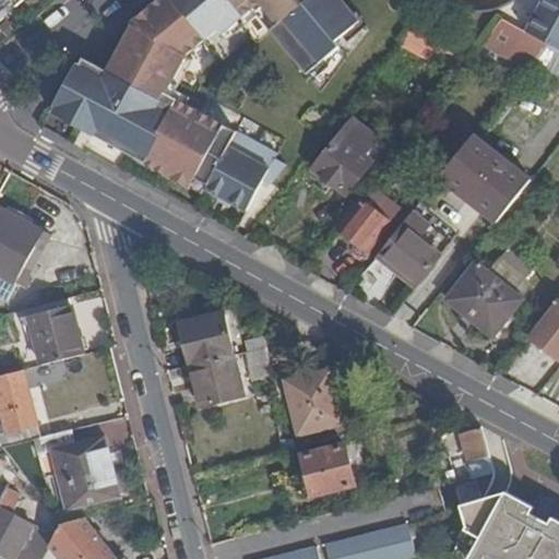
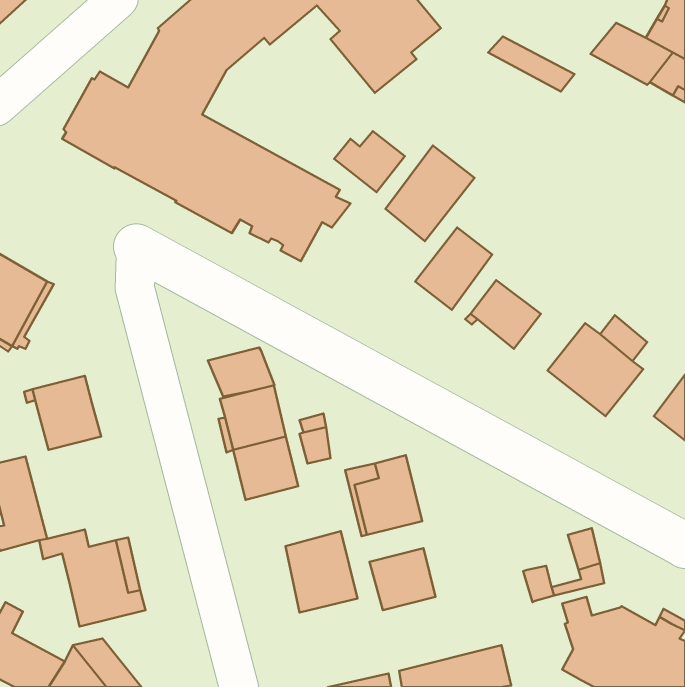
building: none -> [334,131,405,192]
building: [435,132,530,226] -> none
building: none -> [208,348,275,397]
building: none -> [285,531,358,613]

